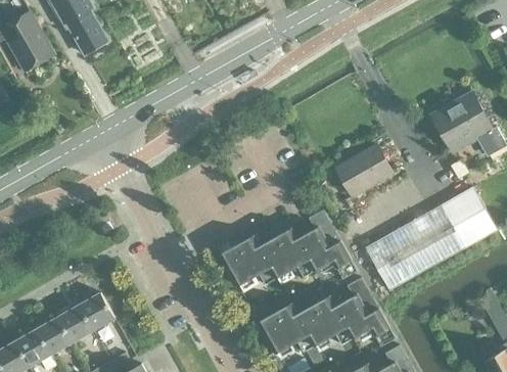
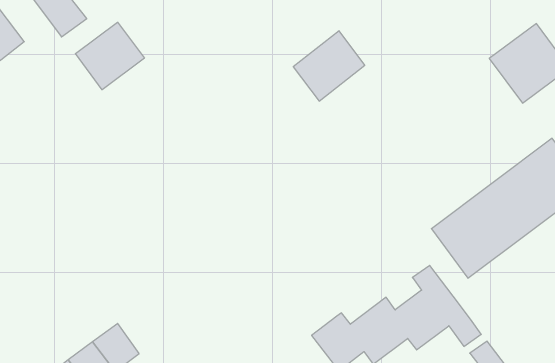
building: none -> [75,22,144,90]
building: [335,142,394,197] -> [293,31,365,101]
building: [220,208,358,285] -> none

